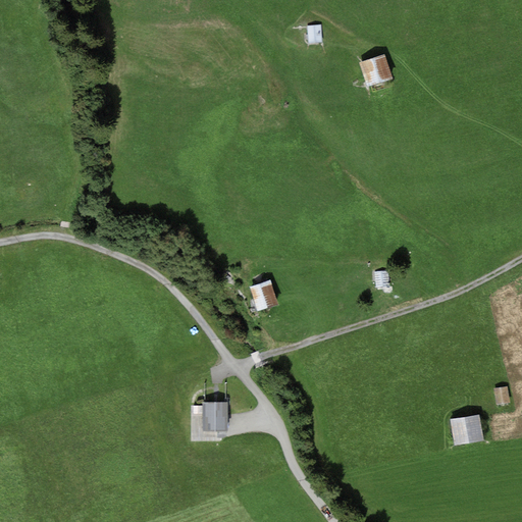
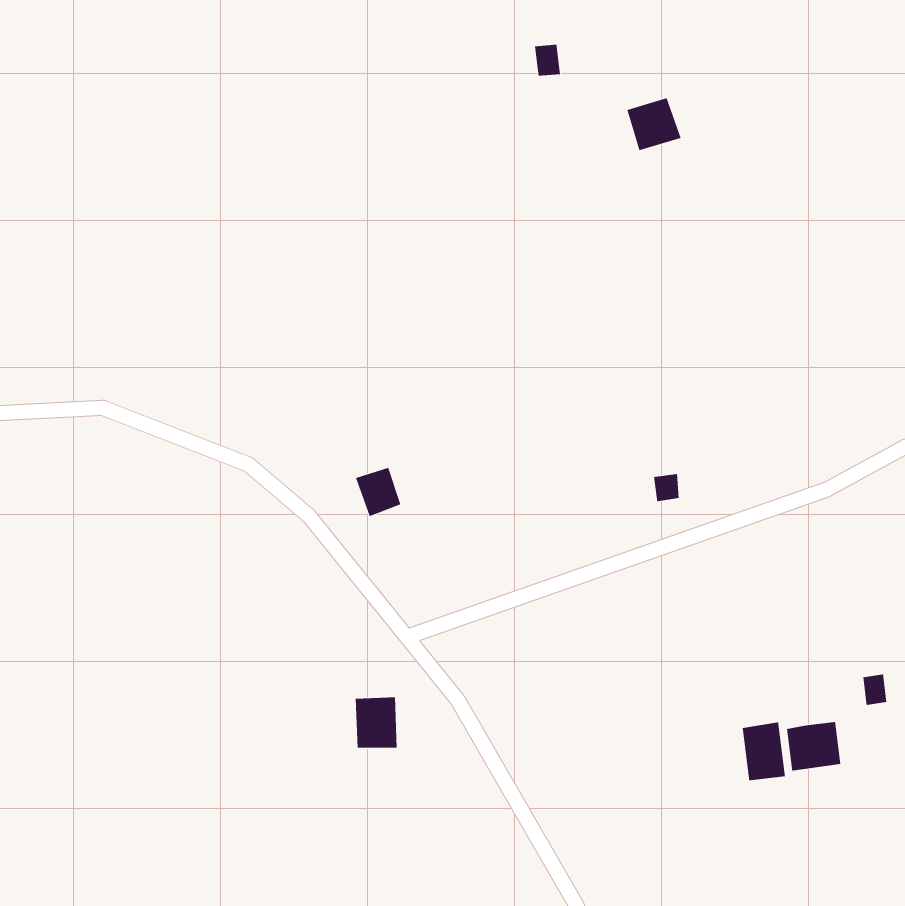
building: [250,280,276,309] -> [355,467,401,517]
building: none -> [742,721,785,781]

